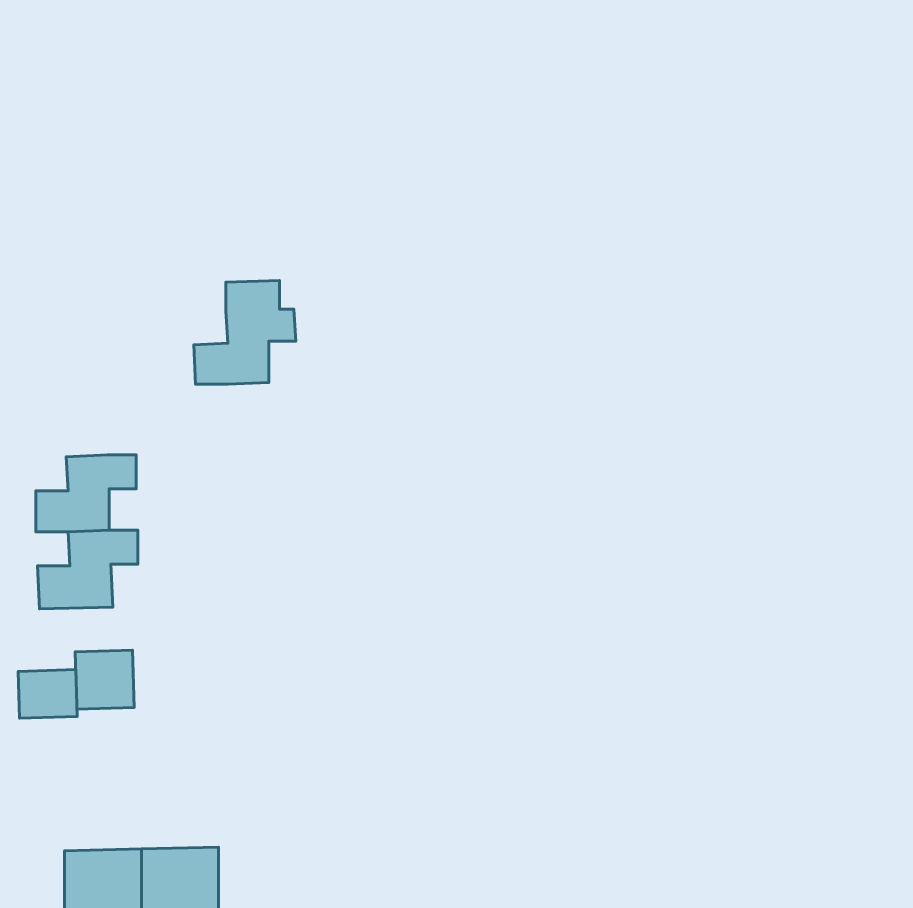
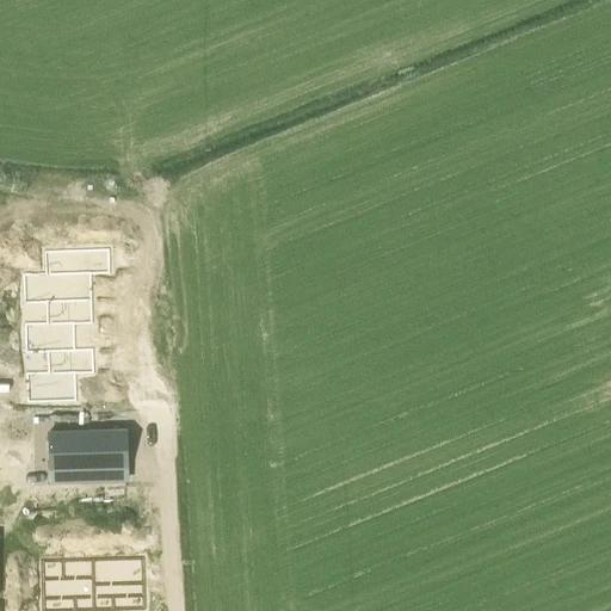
building: [194,280,296,384] -> [23,240,91,309]
building: none -> [90,437,129,476]
building: [18,670,77,718] -> none

